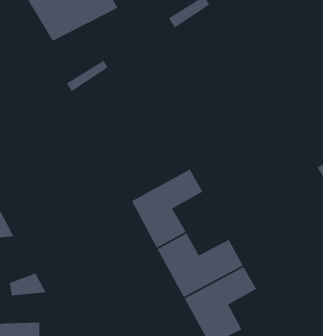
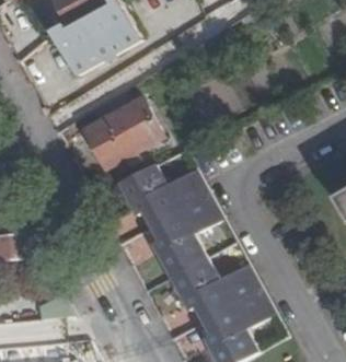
building: none -> [85,101,162,170]
building: none -> [122,167,208,229]

